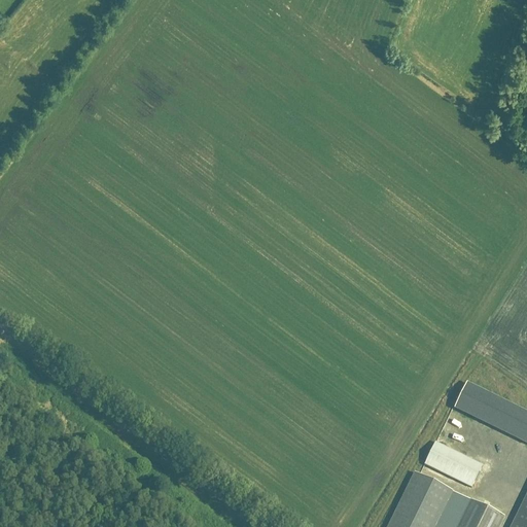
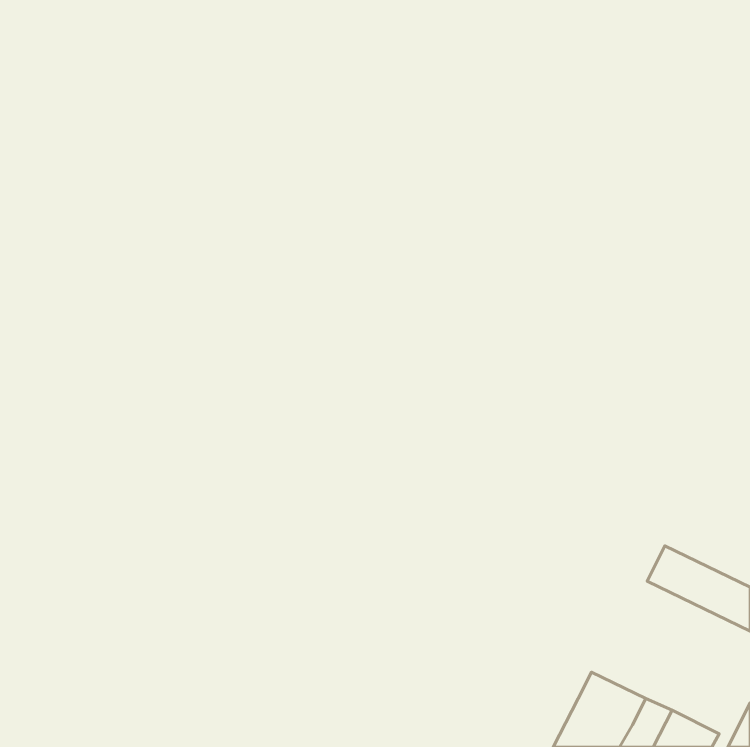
building: [425,442,483,486] -> none

